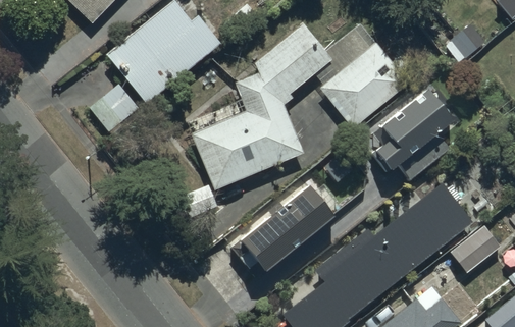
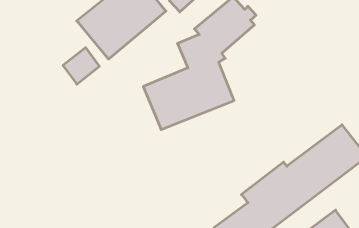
building: [322,43,413,128] -> none
building: [370,83,458,183] -> none
building: [231,190,336,285] -> none

